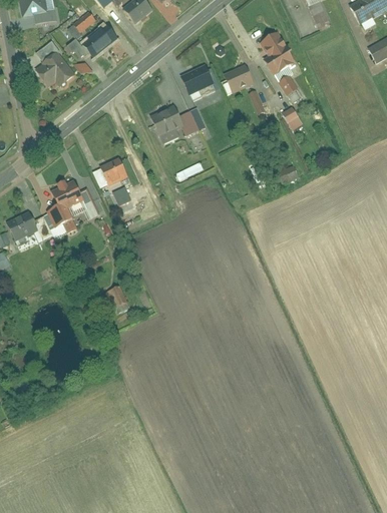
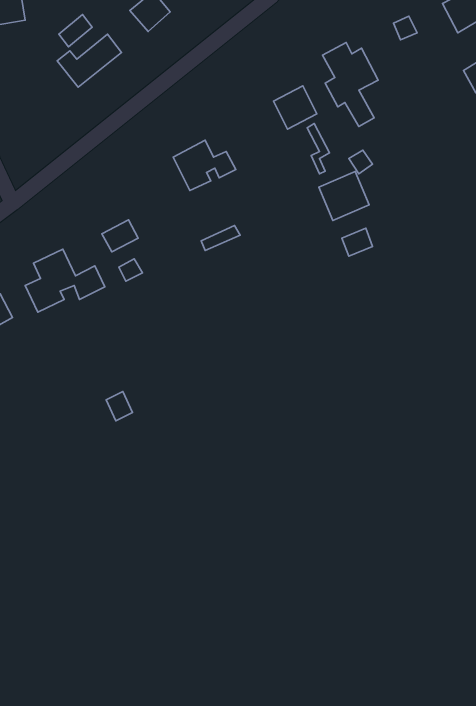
building: [37,40,76,83] -> none
building: [179,66,214,96] -> none
building: none -> [319,171,369,221]

